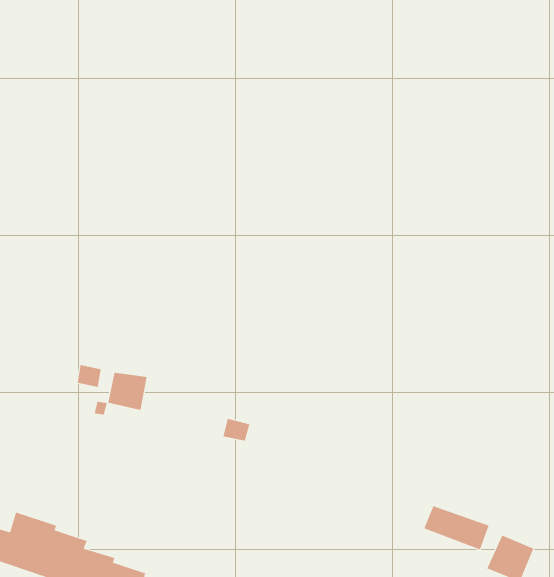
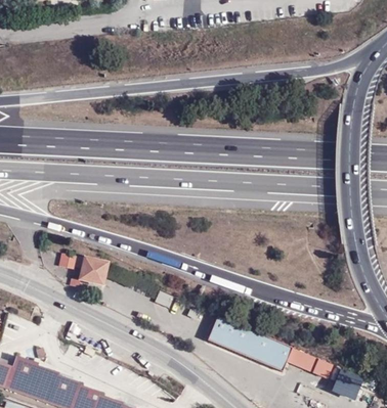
building: none -> [207,317,292,371]

